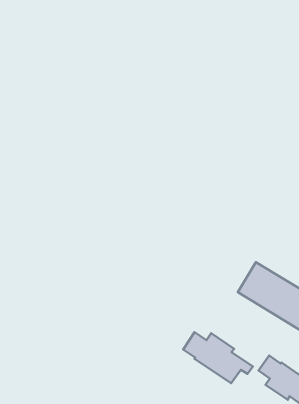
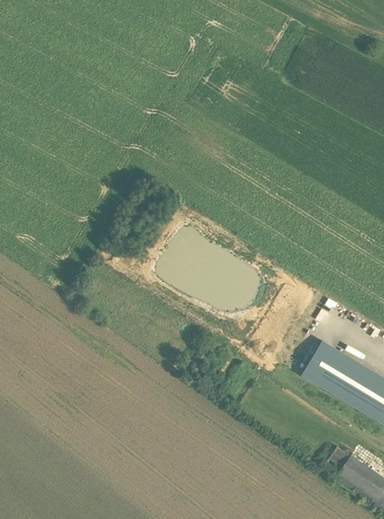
building: [183,332,253,383] -> none

